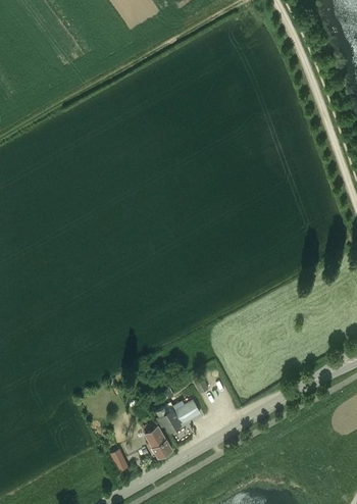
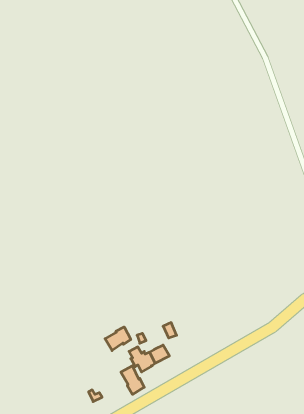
building: none -> [105,327,131,351]

